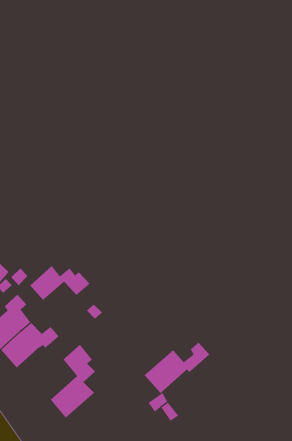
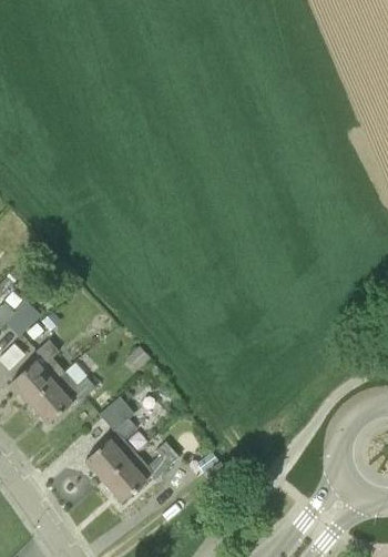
building: [29,265,91,301] -> none
building: [144,342,210,394] -> [102,444,177,503]

